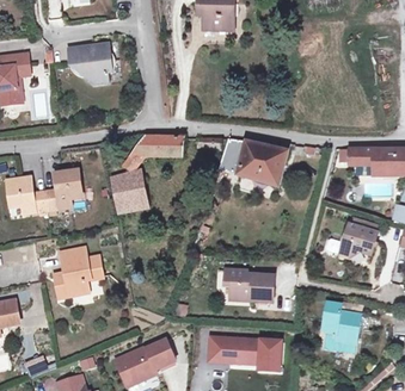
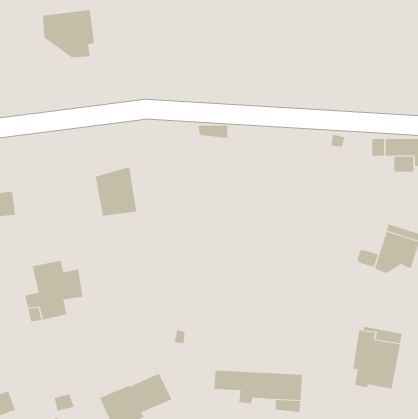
building: [124,136,183,170] -> none
building: [219,138,290,186] -> none
building: [45,170,81,210] -> none
building: [225,269,275,302] -> none

